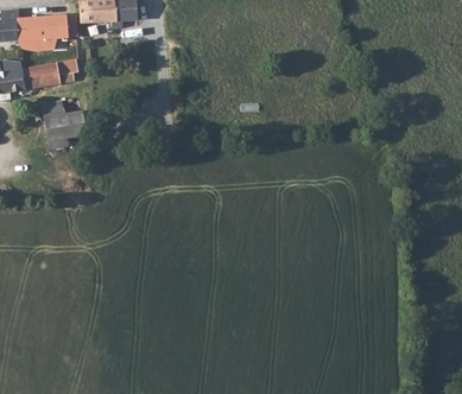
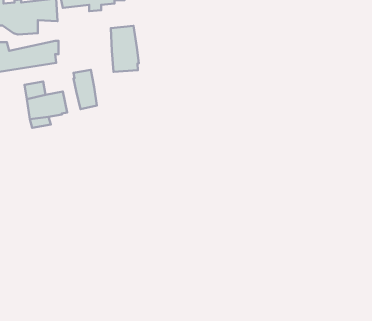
building: none -> [111,26,139,72]
building: none -> [73,70,97,109]

